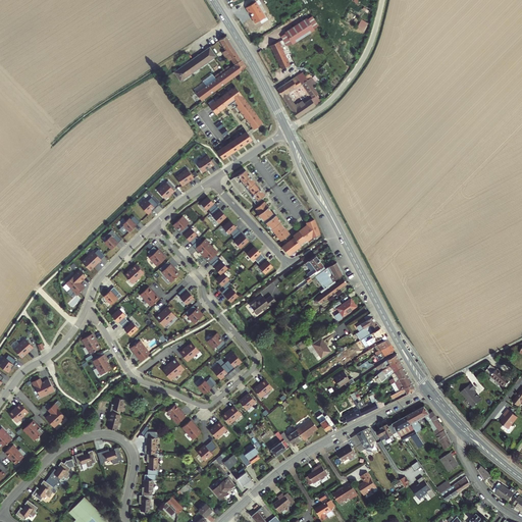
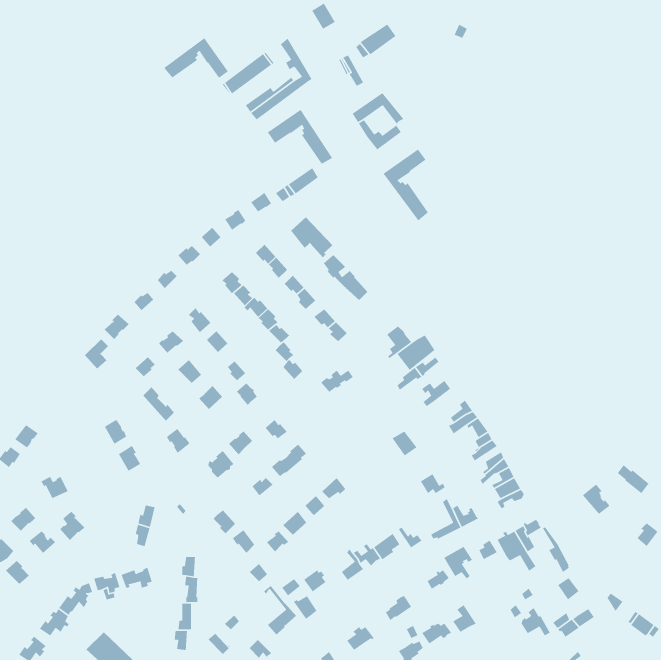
building: none -> [163,37,229,79]
building: none -> [383,148,429,222]
building: [282,216,319,254] -> none

